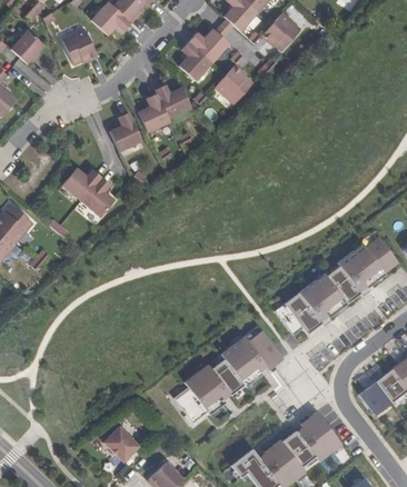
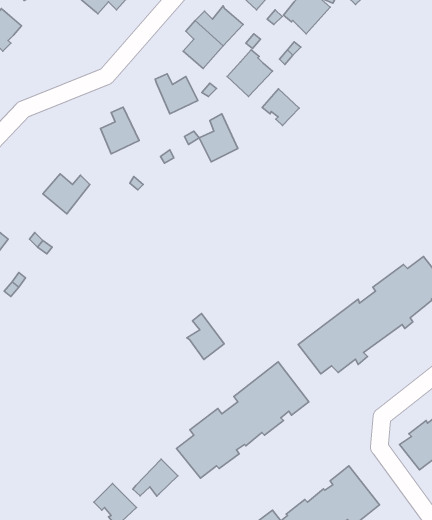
building: [62,29,98,66] -> none
building: [138,92,170,132] -> [199,114,238,162]
building: none -> [262,89,299,126]
building: [82,177,115,217] -> none
building: none -> [187,313,224,360]
building: none -> [133,459,178,496]

